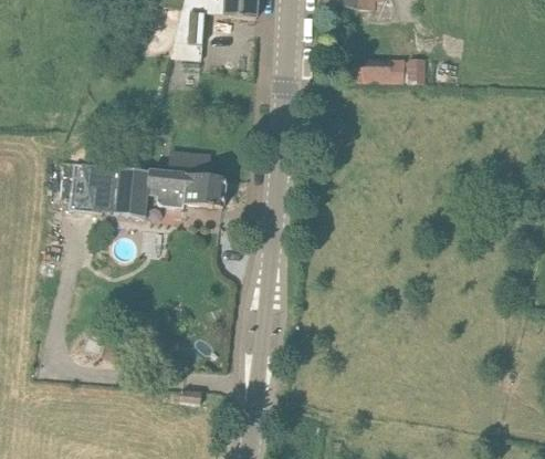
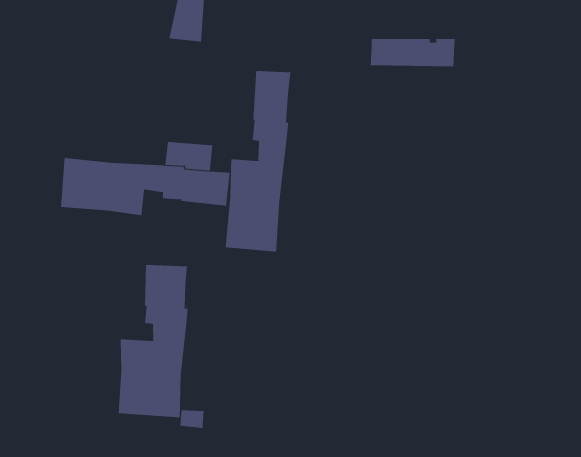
building: none -> [225,70,291,252]
building: none -> [118,264,188,418]

